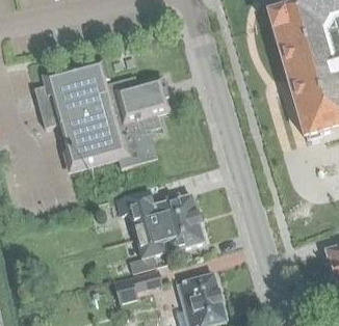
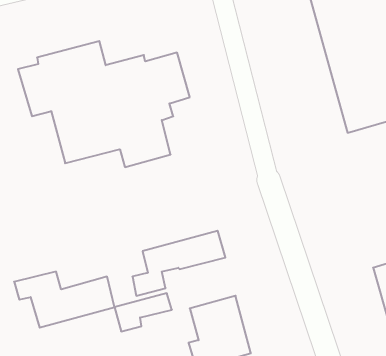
building: [116,190,199,236] -> [14,272,115,328]

